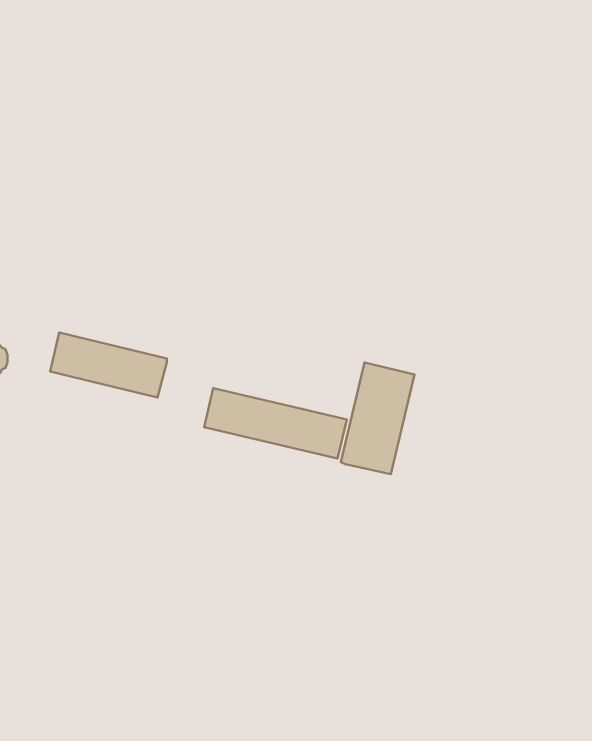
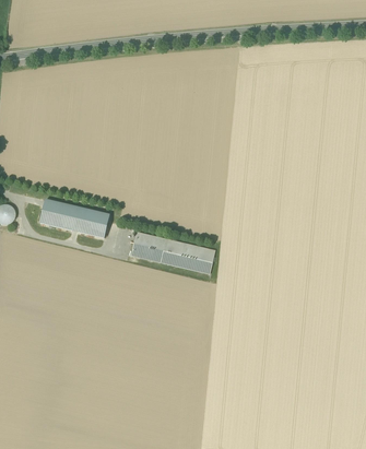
building: [341,363,414,474] -> none

